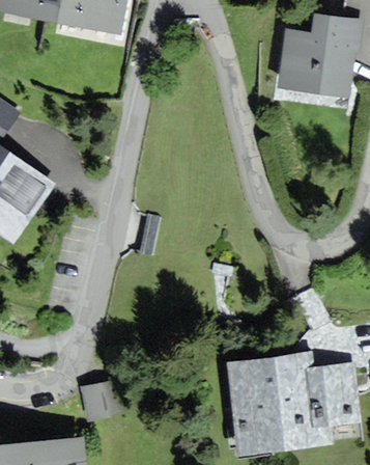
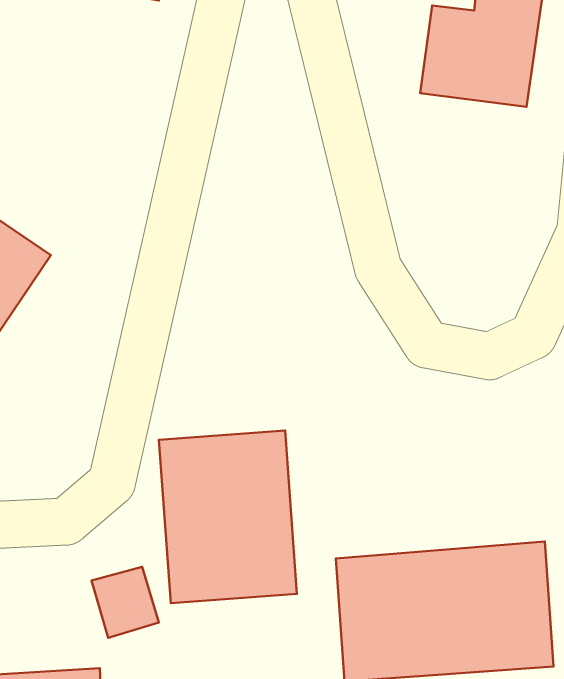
building: none -> [159,430,297,603]

